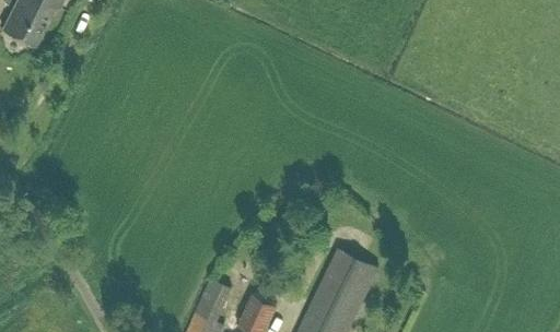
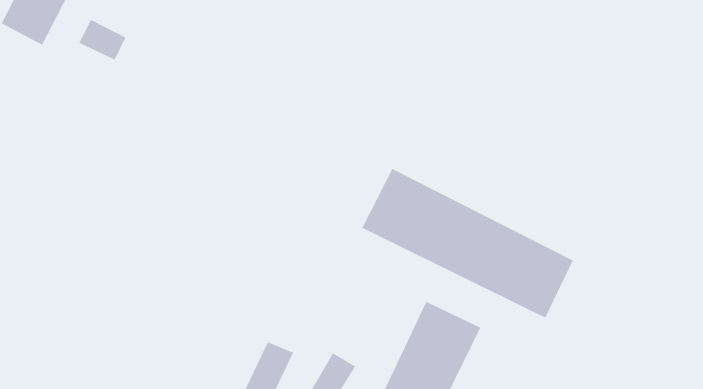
building: none -> [78,19,126,61]
building: none -> [362,168,573,318]

